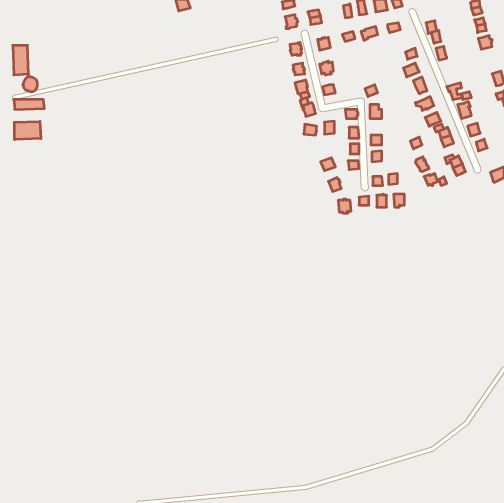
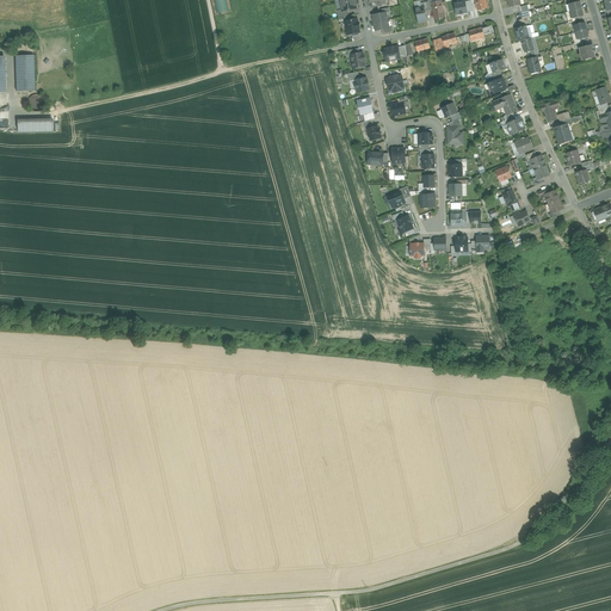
building: [14,121,41,140] -> none

